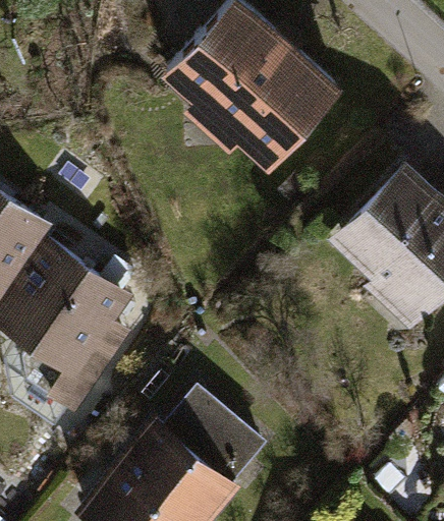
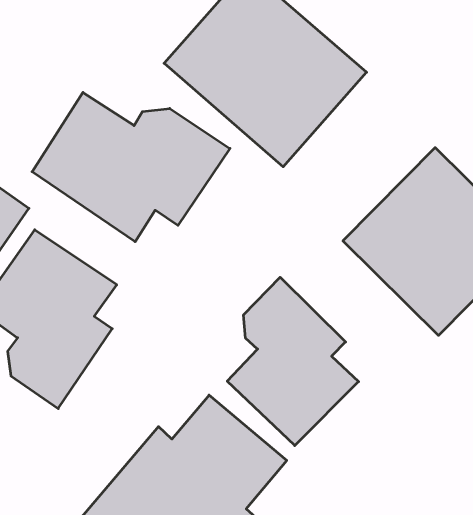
building: none -> [32,92,230,242]
building: none -> [227,277,359,446]

